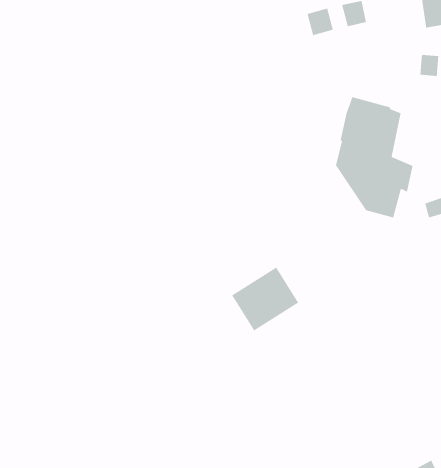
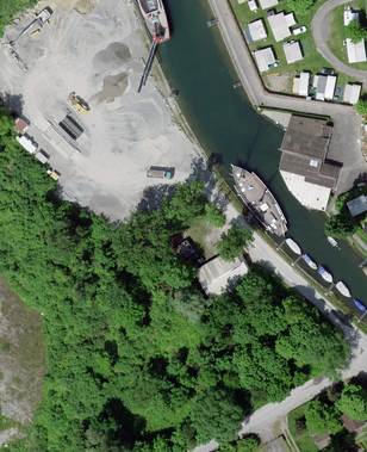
building: none -> [299,72,336,95]

